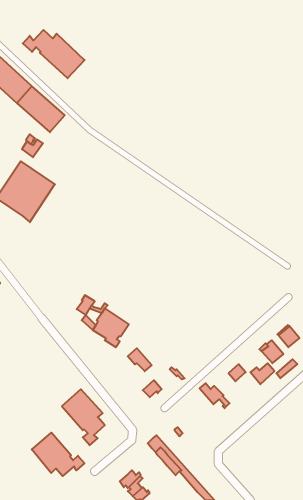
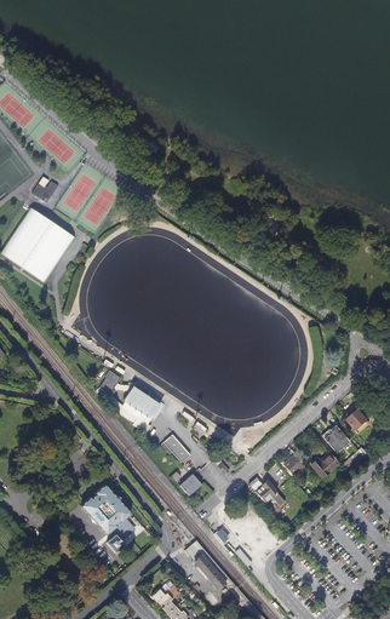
building: [23,30,85,78] -> none
building: [32,433,84,476] -> none

